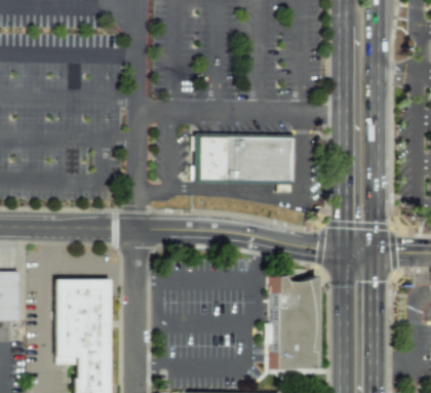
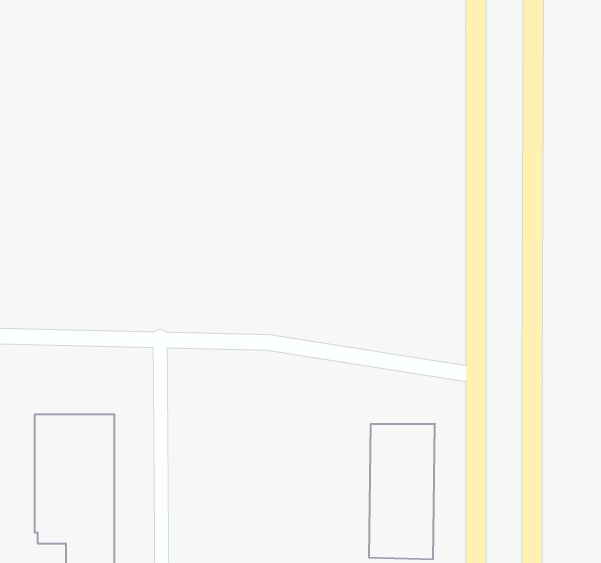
building: [201,133,301,184] -> none

